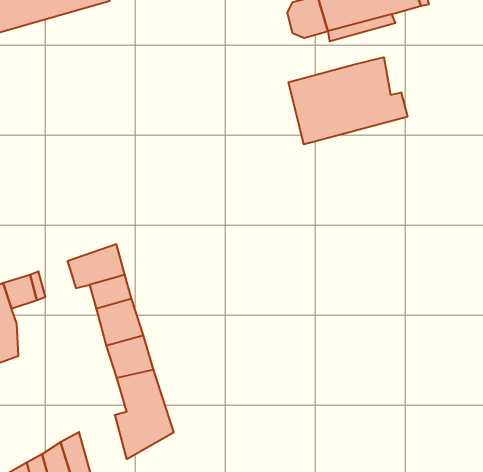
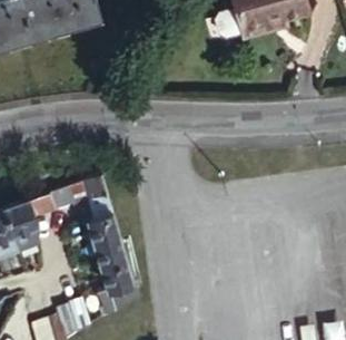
building: [288,57,407,144] -> none

